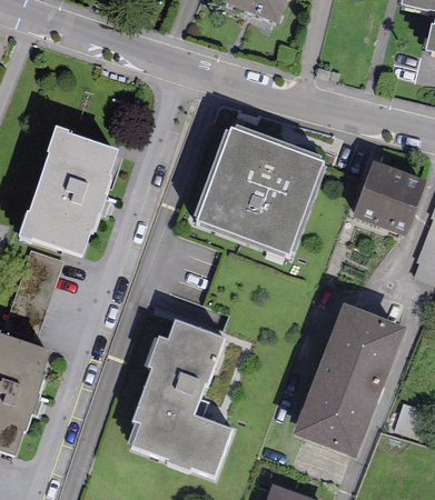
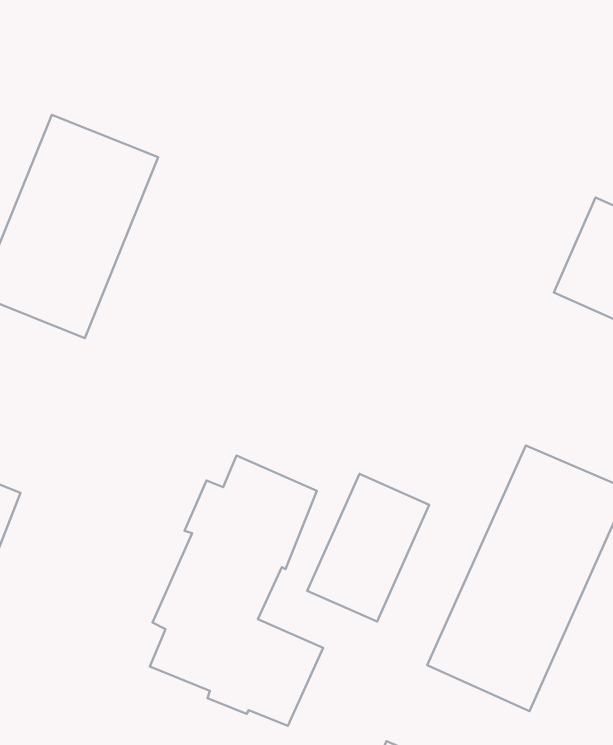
building: [196,127,325,256] -> none
building: none -> [307,474,429,622]

